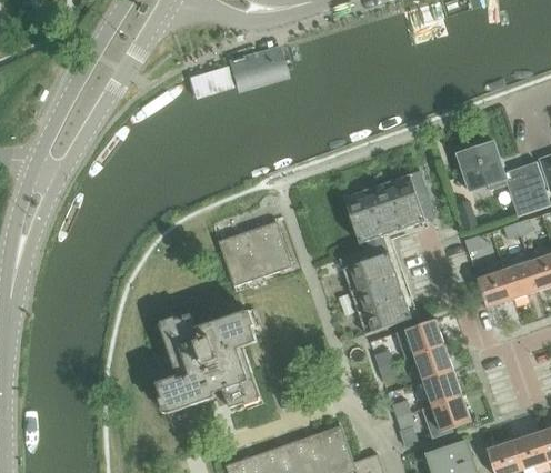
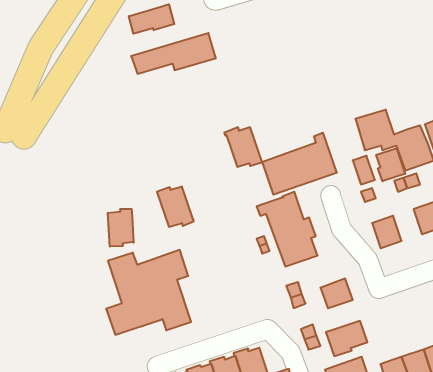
building: none -> [129,4,174,34]
building: none -> [376,148,405,181]
building: [246,225,291,273] -> [224,127,262,167]
building: none -> [108,209,134,247]
building: [502,262,537,300] -> none
building: [405,320,444,356] -> none
building: [423,371,462,406] -> none

